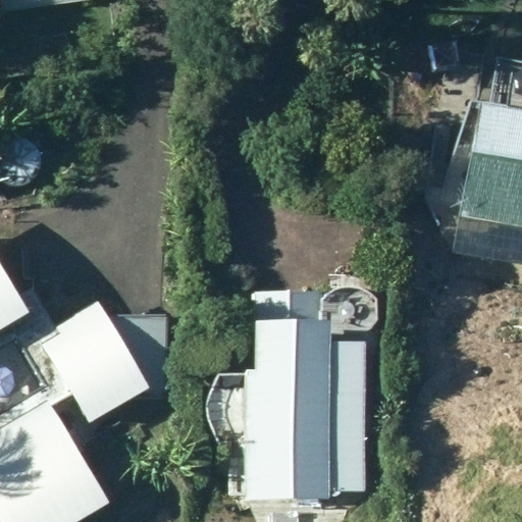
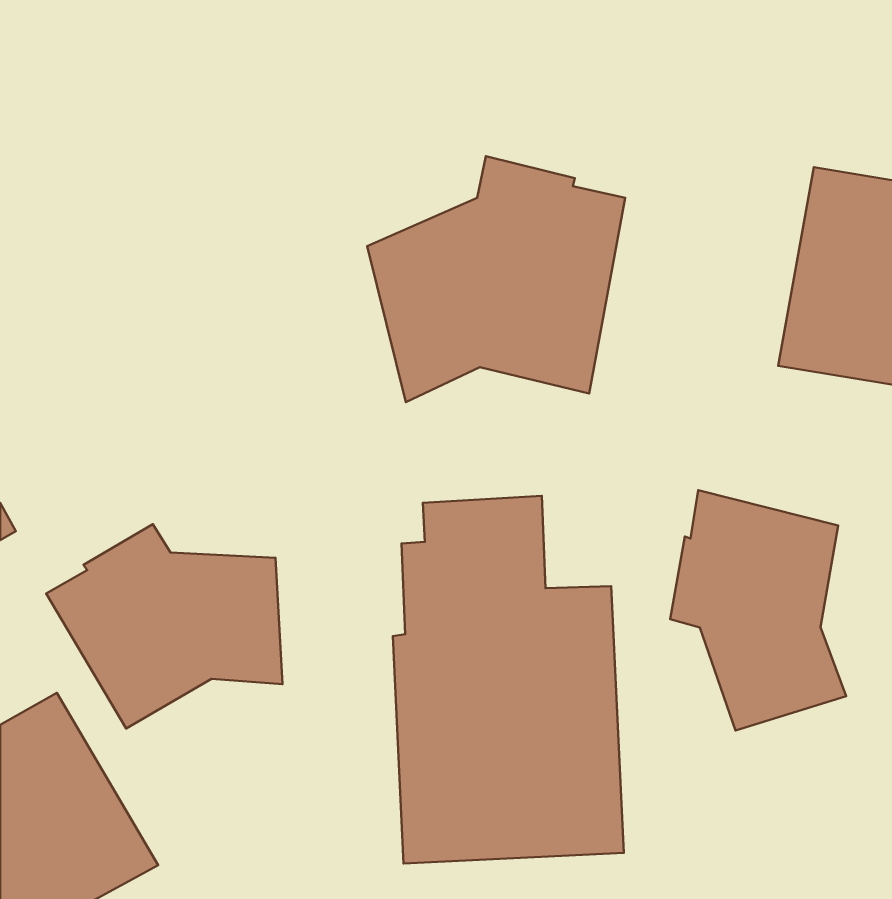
building: none -> [367,156,625,402]
building: none -> [670,490,846,731]

